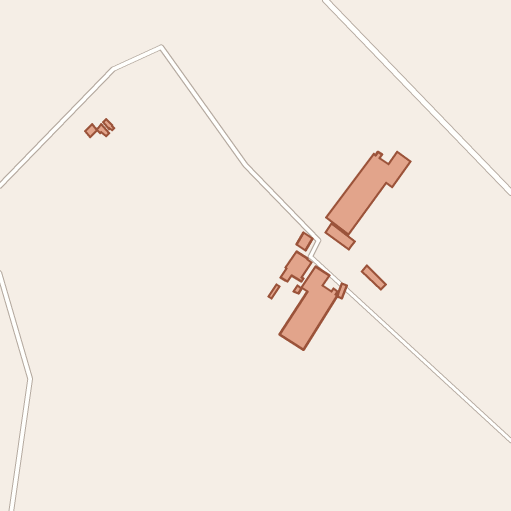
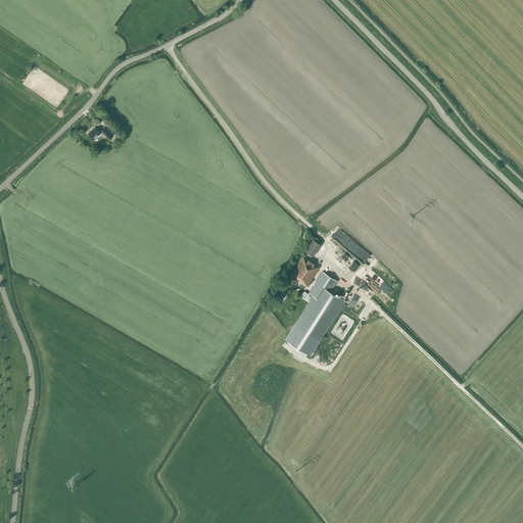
building: [326,152,411,235] -> none

